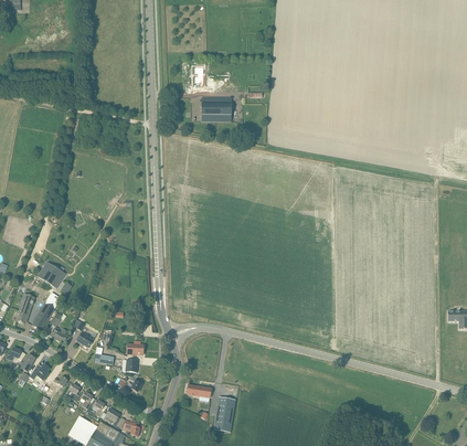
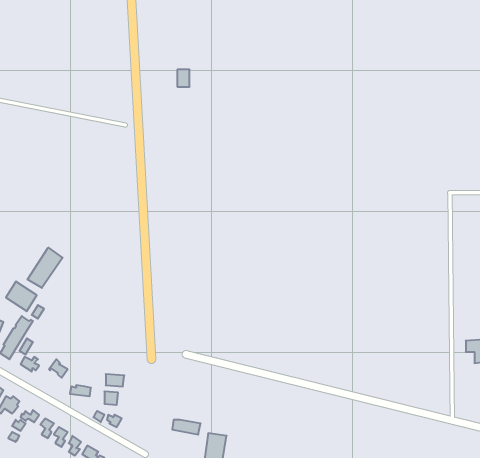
building: [201,97,231,123] -> none
building: none -> [28,248,63,288]

